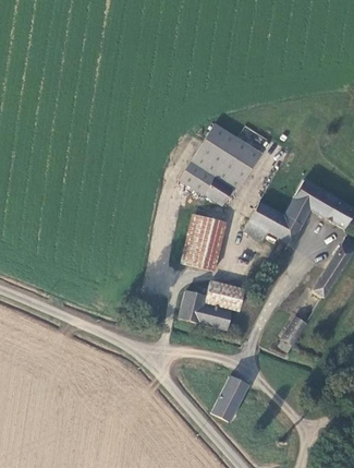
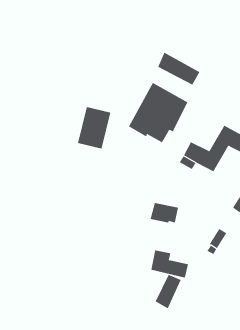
building: none -> [158,52,200,85]
building: [182,214,227,269] -> [77,107,111,149]
building: [181,290,231,327] -> [150,250,189,278]

